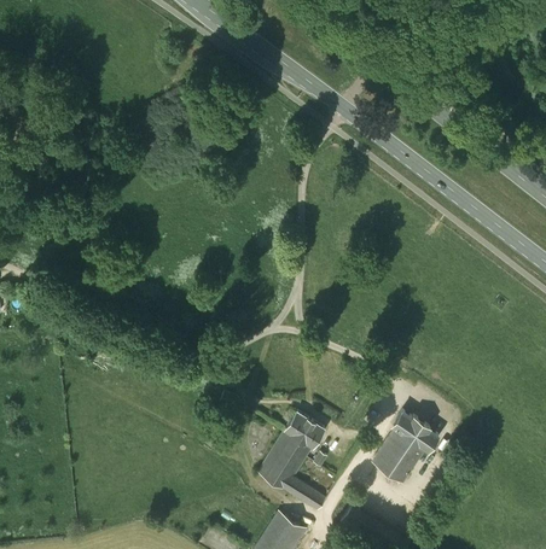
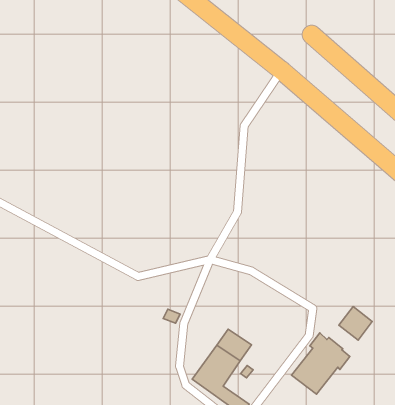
building: none -> [339,306,372,340]

